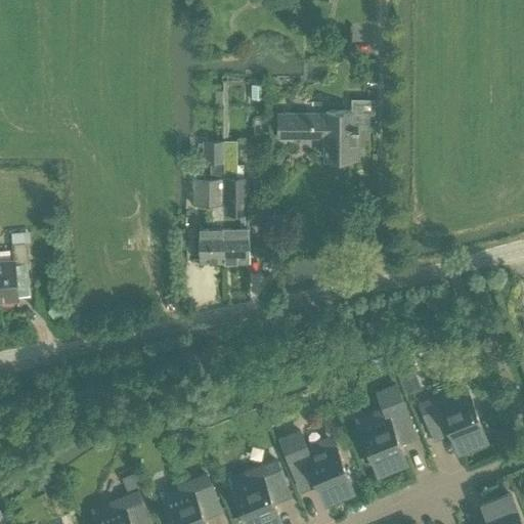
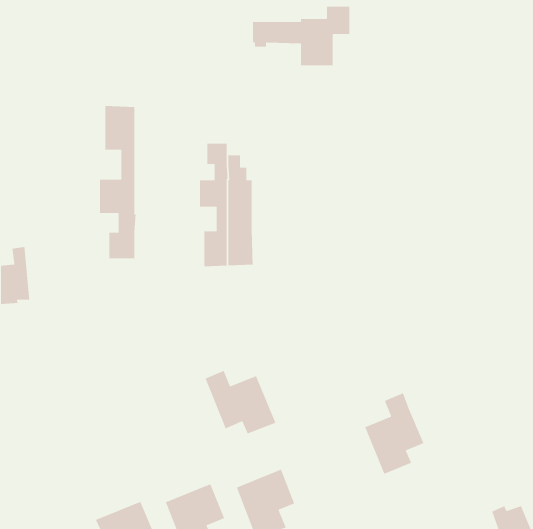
building: [278,102,375,162] -> [252,6,350,66]
building: none -> [99,105,136,259]
building: [420,389,484,447] -> none
building: [280,435,351,498] -> [204,370,276,435]

